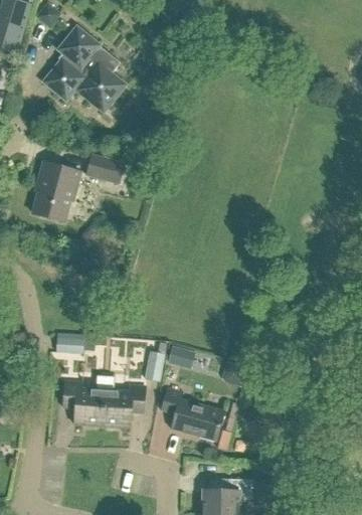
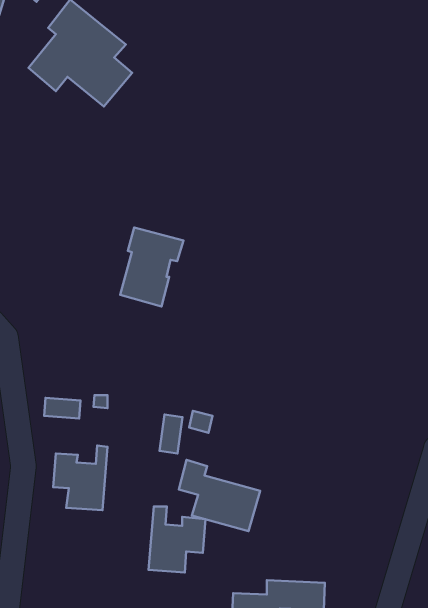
building: [86,154,126,184] -> none
building: [32,161,81,222] -> [120,228,183,306]
building: [102,376,146,427] -> [149,506,206,572]

